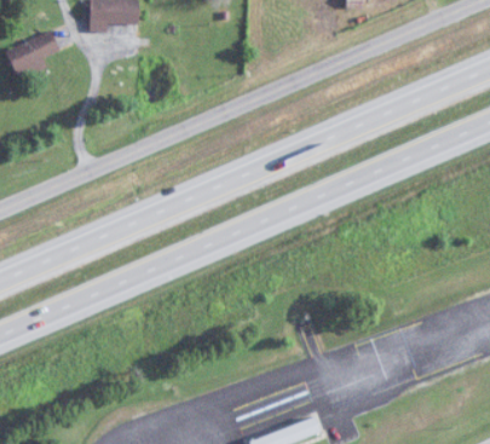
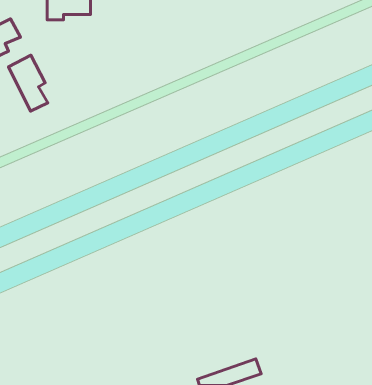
building: none -> [8,55,48,111]

